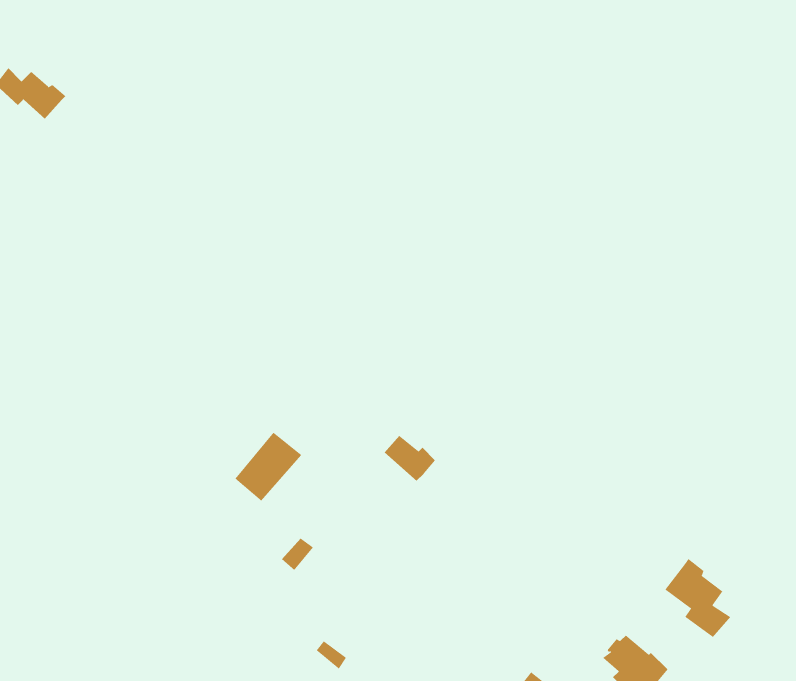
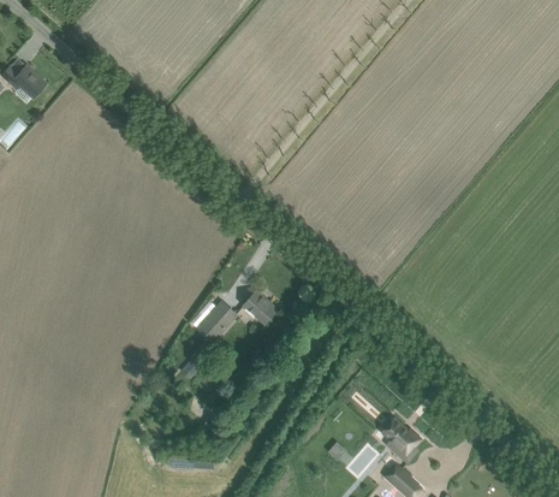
building: [234,432,302,502] -> [197,300,239,343]
building: [664,558,731,638] -> none

